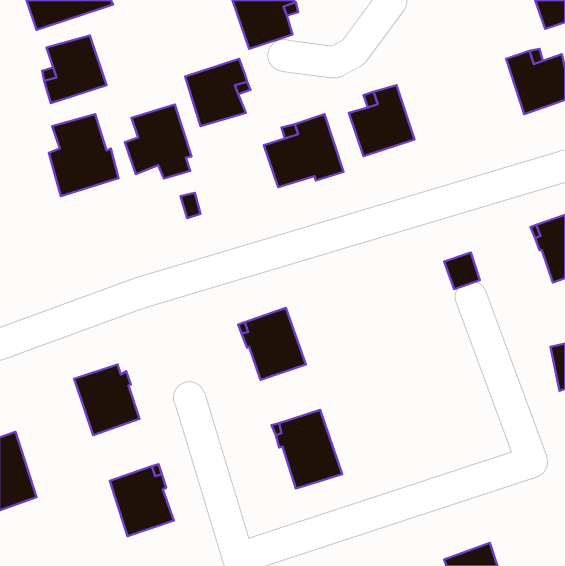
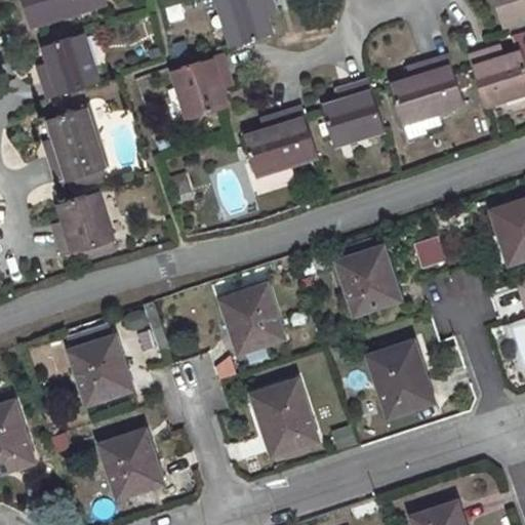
building: none -> [390,54,463,137]
building: [125,104,191,179] -> [51,190,113,258]
building: none -> [337,238,398,313]
building: none -> [368,344,433,416]

